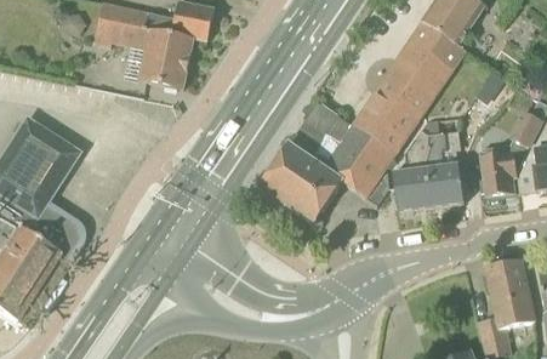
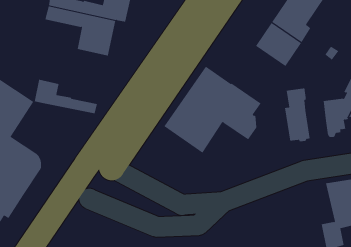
building: [352,74,428,154] -> none
building: none -> [34,79,98,114]
building: [391,131,433,213] -> none

